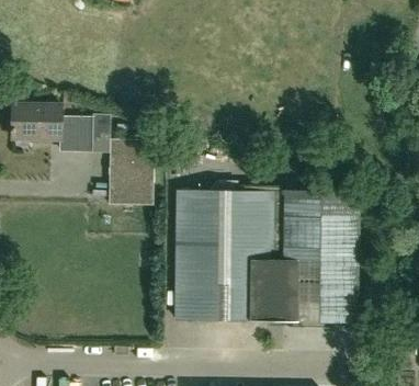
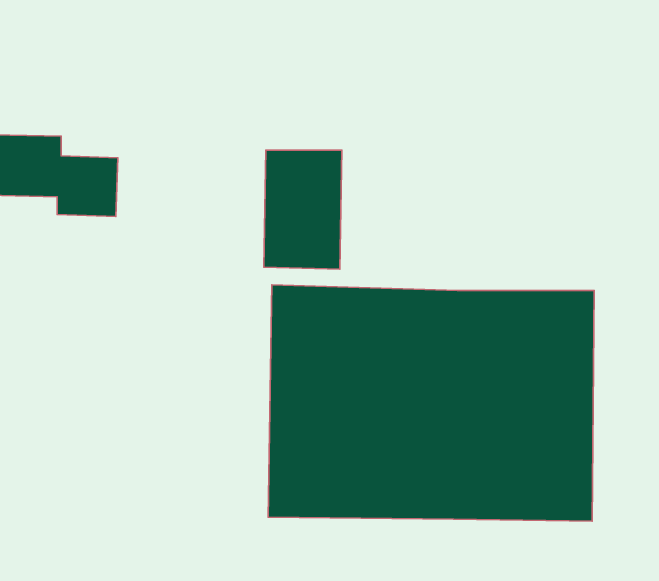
building: [110,139,154,206] -> [264,150,342,269]

